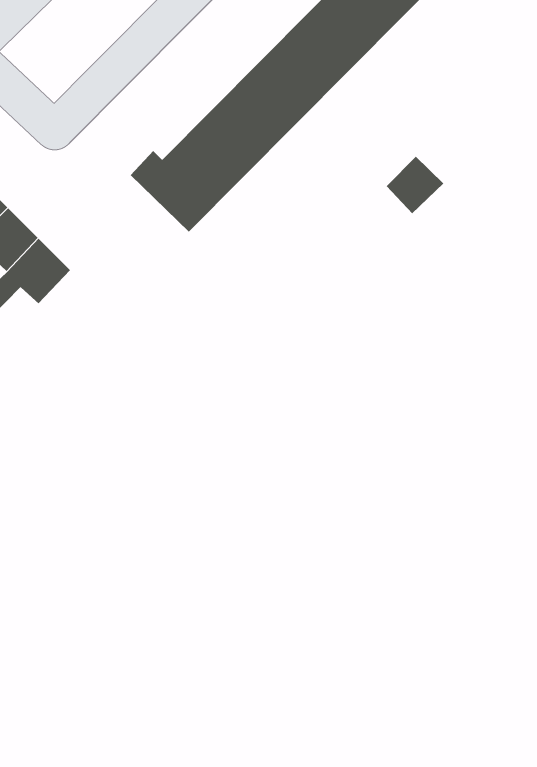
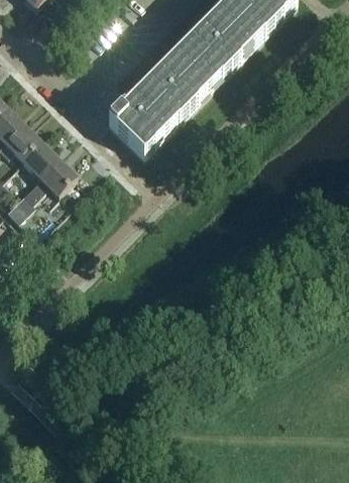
building: [386,156,444,214] -> none

